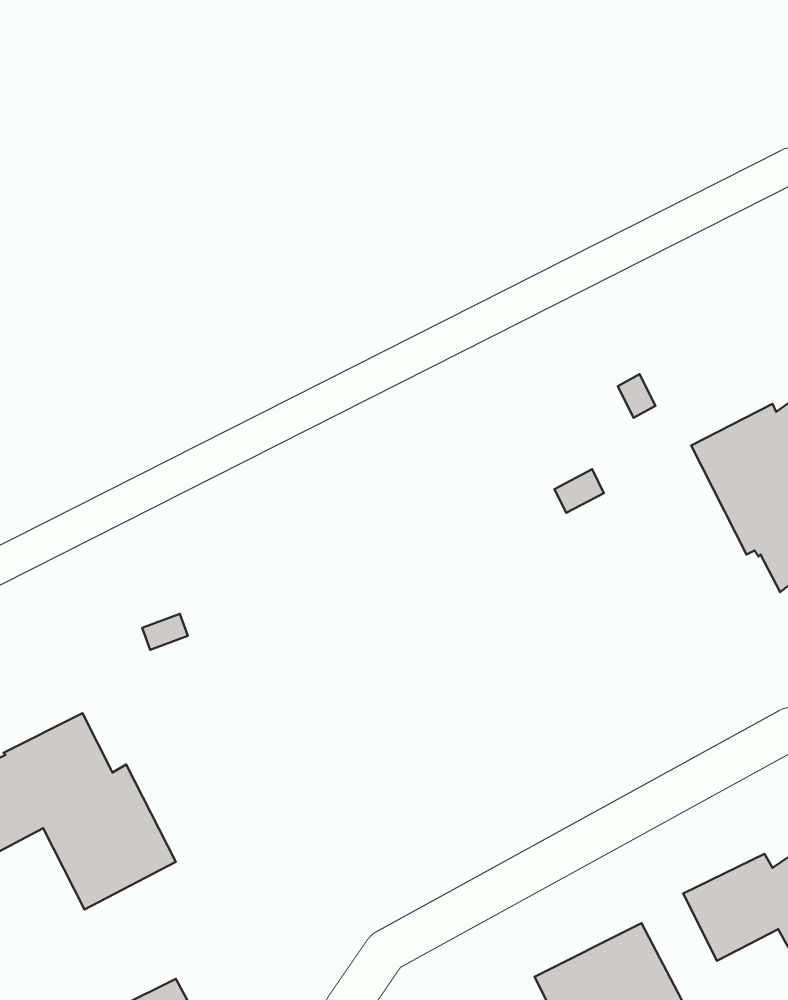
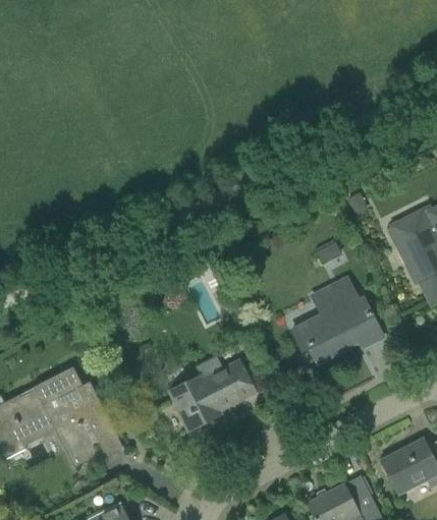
building: none -> [292,279,383,363]
building: none -> [169,356,256,432]

